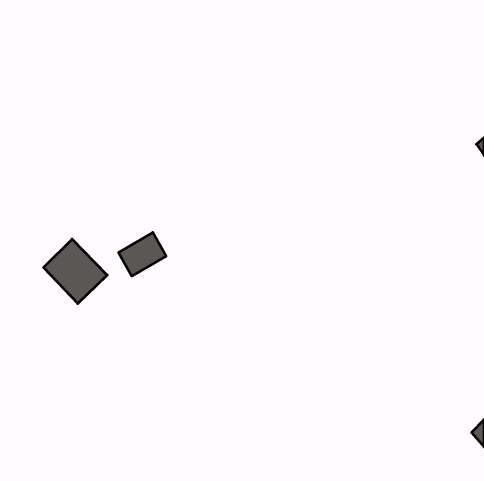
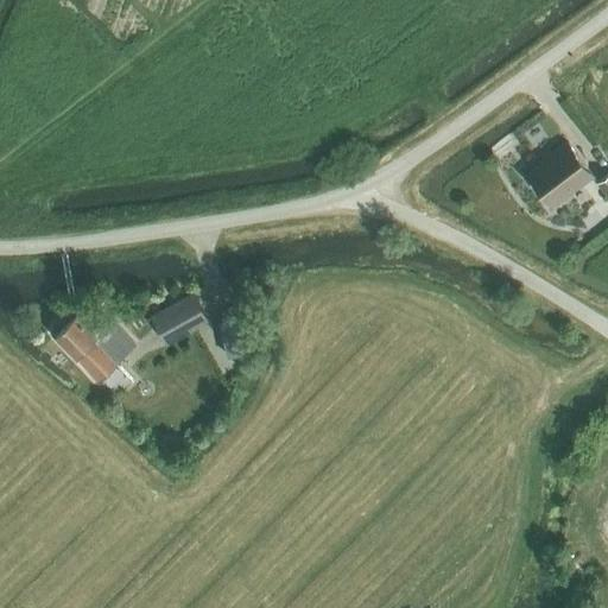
building: none -> [527,147,590,209]

